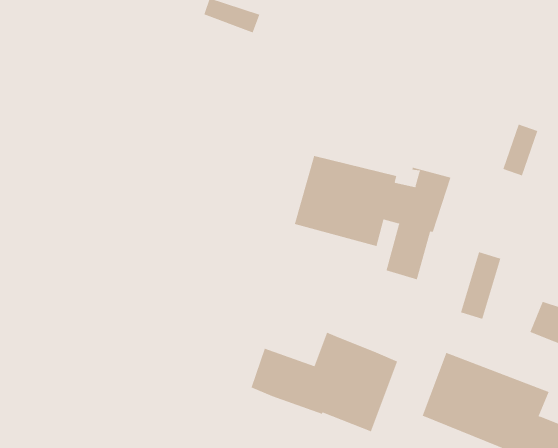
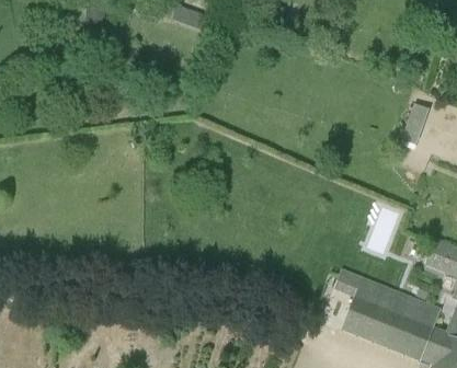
building: [294,155,451,280] -> none
building: [251,332,398,432] -> none

